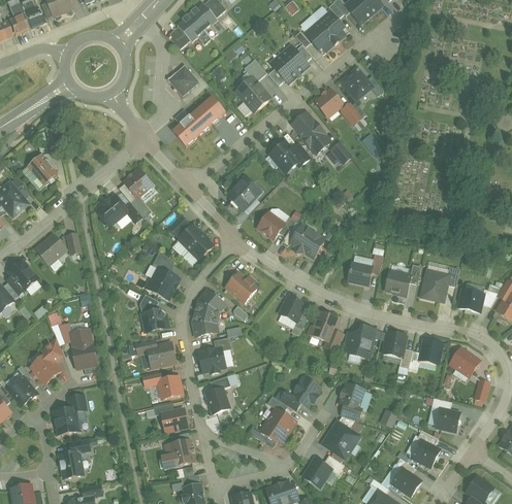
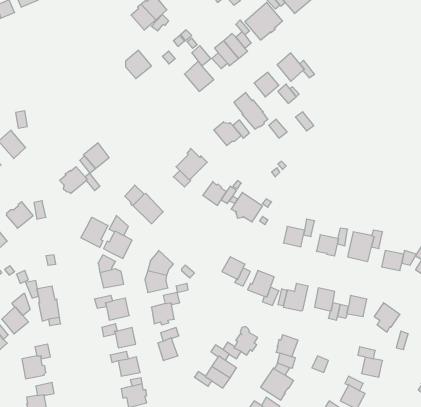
building: [166,94,225,148] -> none
building: none -> [81,217,108,247]
building: [225,271,256,302] -> none

